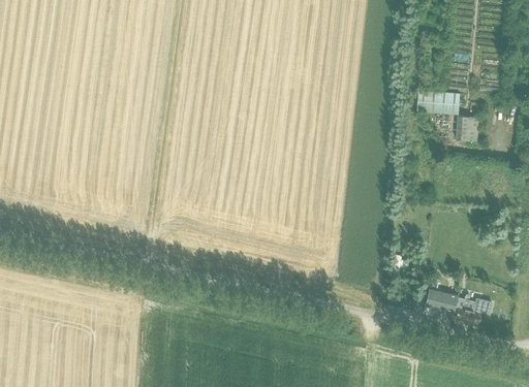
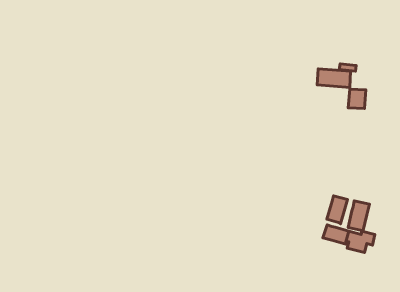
building: none -> [327,196,348,224]
building: none -> [348,201,369,232]

